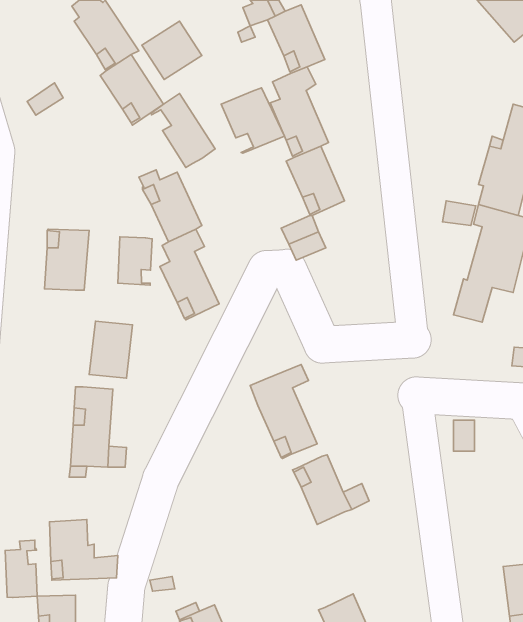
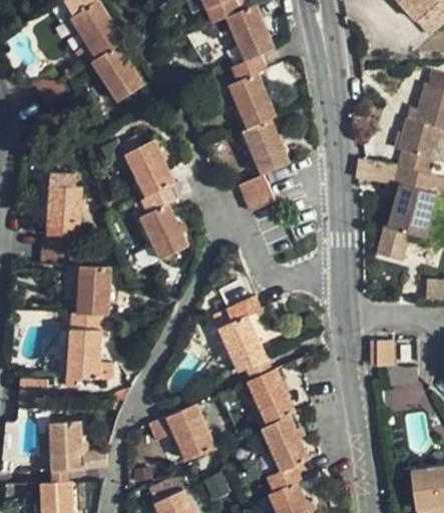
building: [142,21,202,80] -> none
building: [221,88,285,153] -> none
building: [151,94,215,167] -> none
building: [118,237,152,285] -> none
building: none -> [147,403,212,459]
building: none -> [261,414,308,491]
building: [5,540,37,597] -> none

